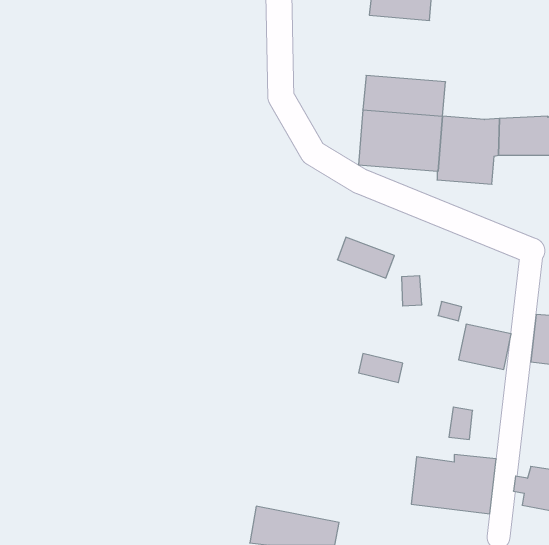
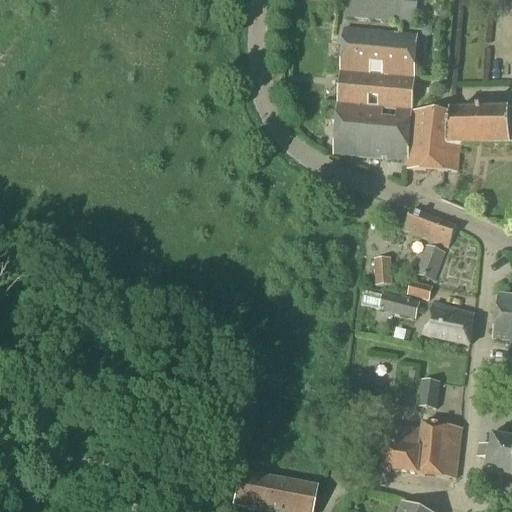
building: none -> [341,26,418,76]
building: [337,237,394,278] -> [404,208,457,246]
building: none -> [415,244,445,280]
building: [359,354,403,383] -> [379,290,420,317]

